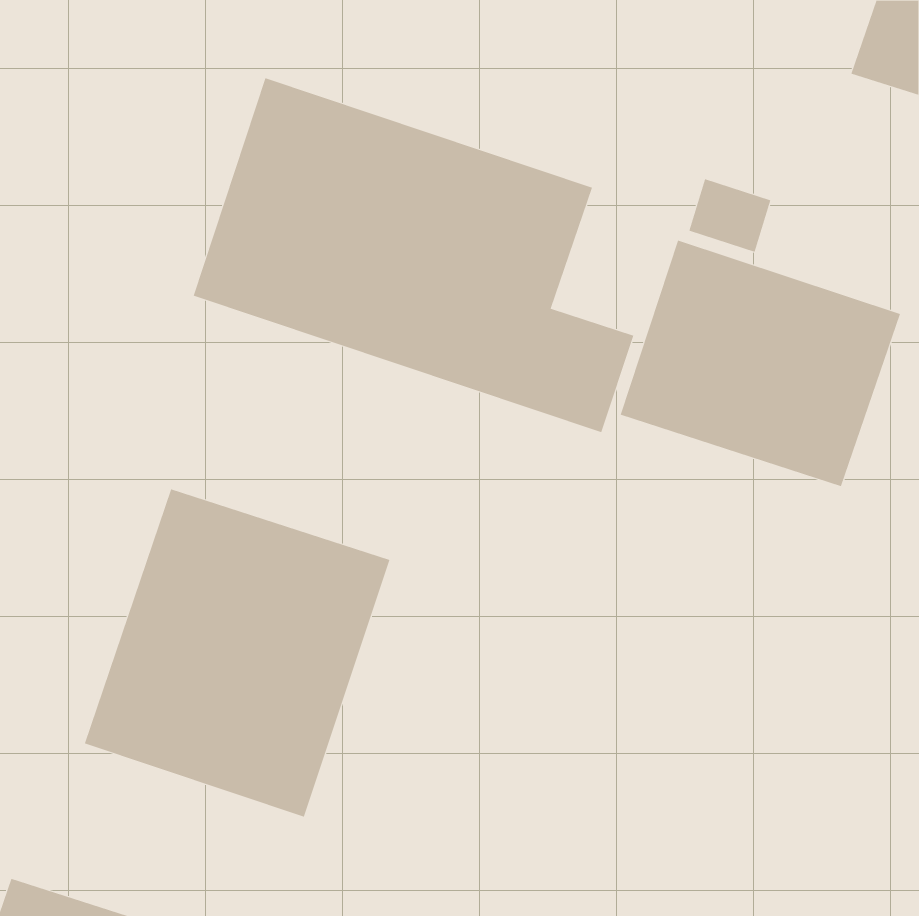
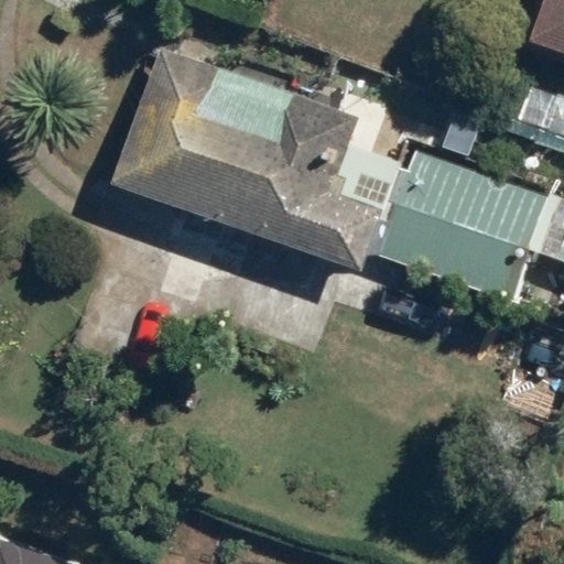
building: [84,489,390,817] -> none

